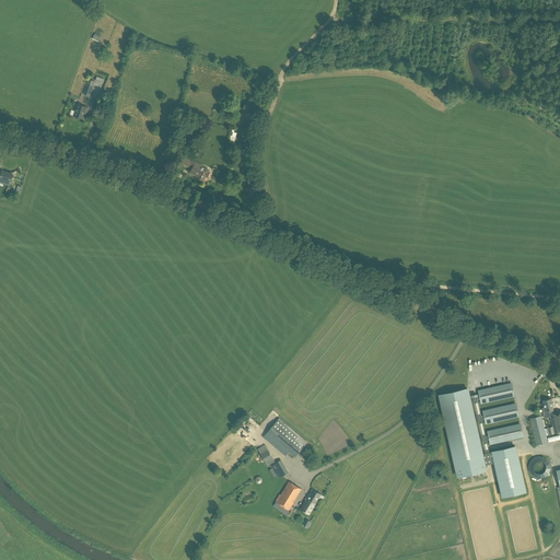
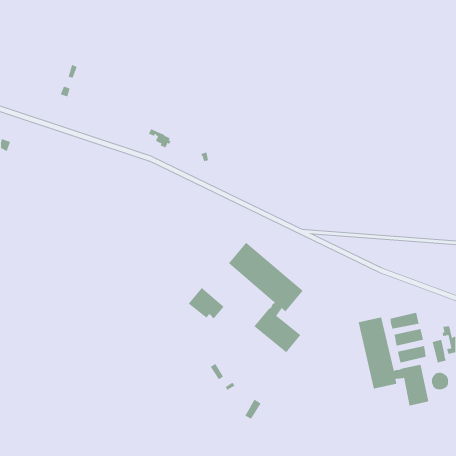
building: none -> [228,242,304,353]
building: [262,418,307,457] -> [188,287,225,319]
building: [273,481,301,514] -> none

